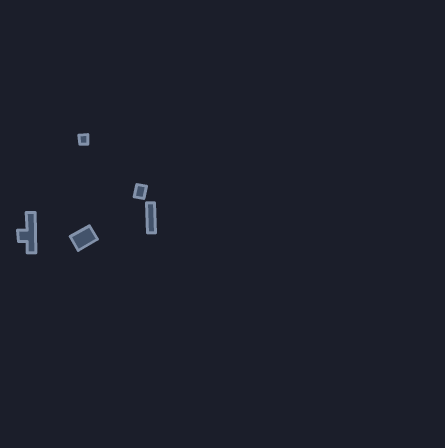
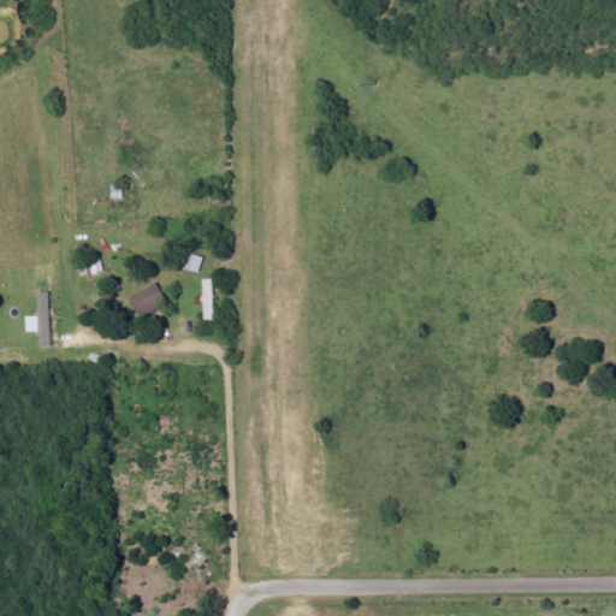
building: [70,226,97,250] -> [128,283,165,316]

